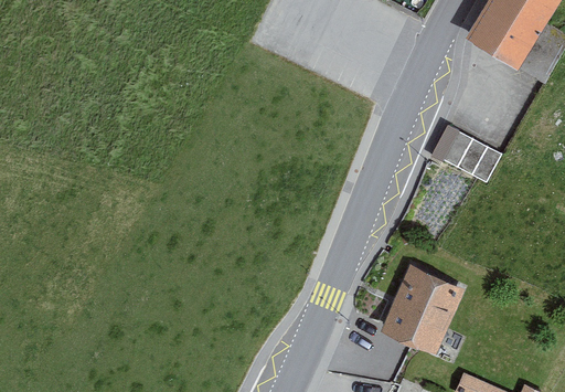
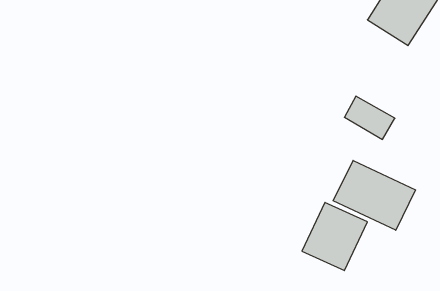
building: none -> [333,160,416,230]

